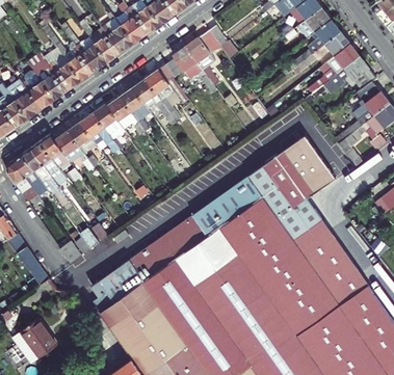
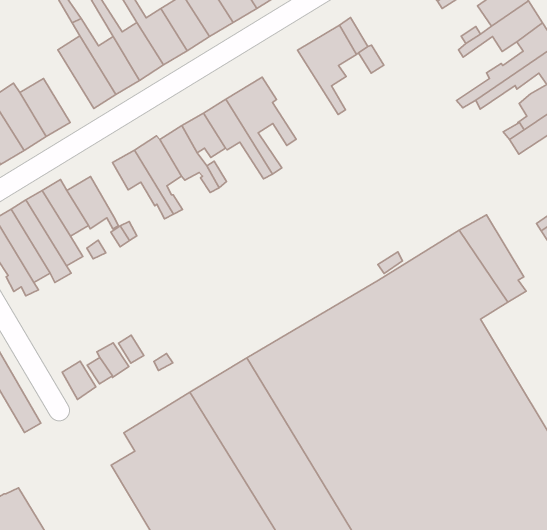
building: [165,47,216,92] -> none
building: [26,53,67,100] -> none
building: [68,122,97,154] -> none

